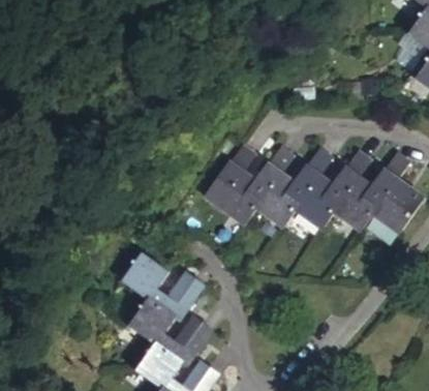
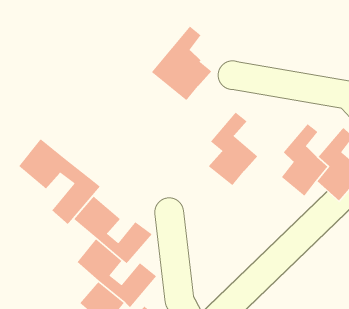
building: [204,145,269,225] -> [151,26,212,101]
building: [295,151,345,231] -> none
building: none -> [18,138,101,225]

